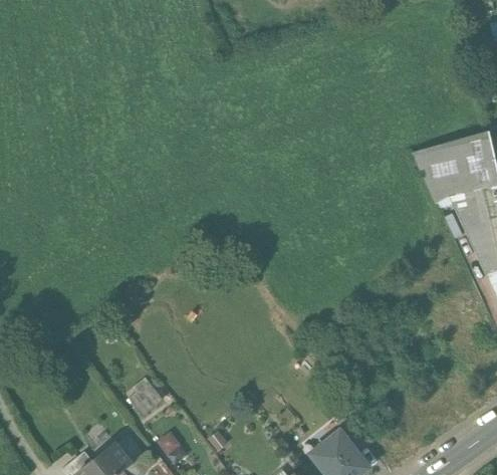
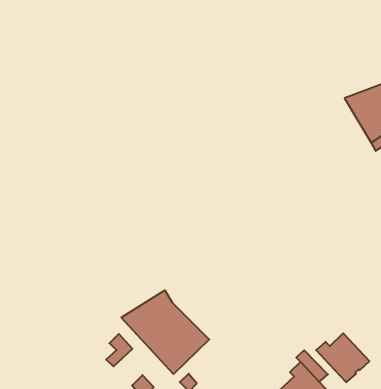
building: none -> [121,290,209,374]
building: none -> [316,333,369,382]

